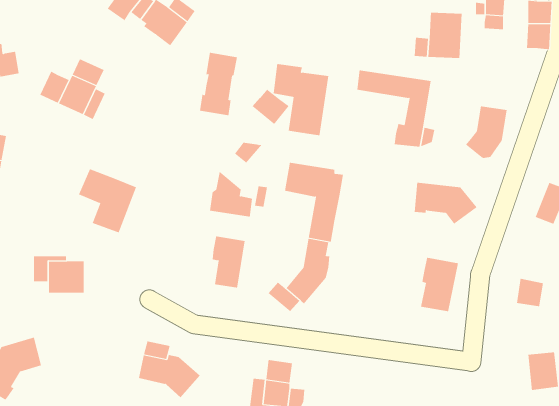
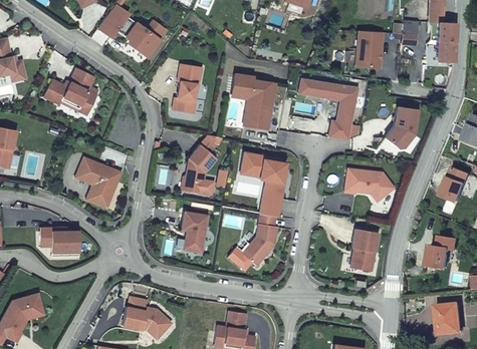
building: [252,89,289,125] -> [188,144,218,173]

